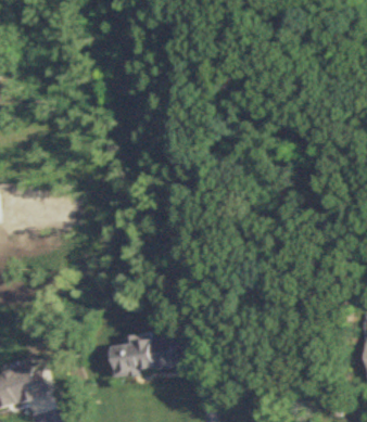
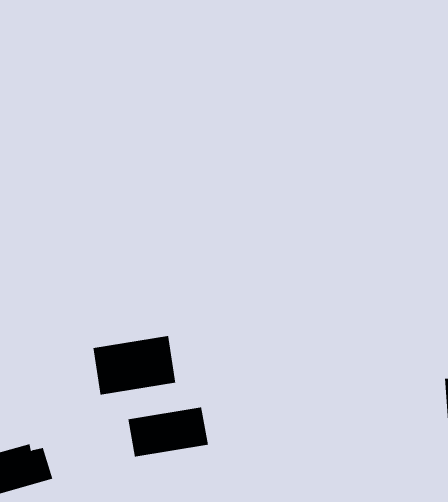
building: none -> [93,335,176,396]

